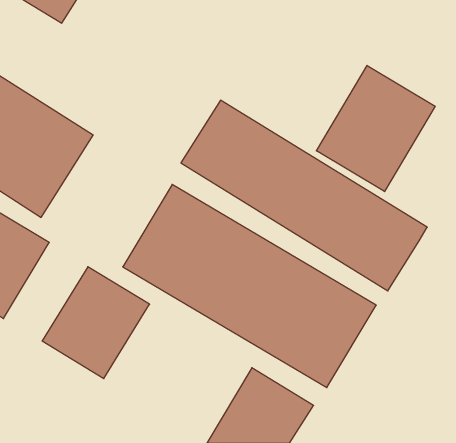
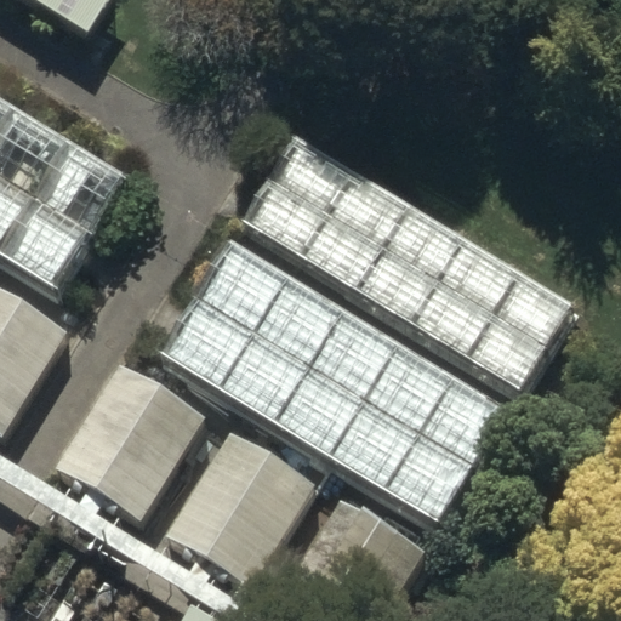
building: [316,65,435,192] -> none
building: none -> [167,432,314,586]

